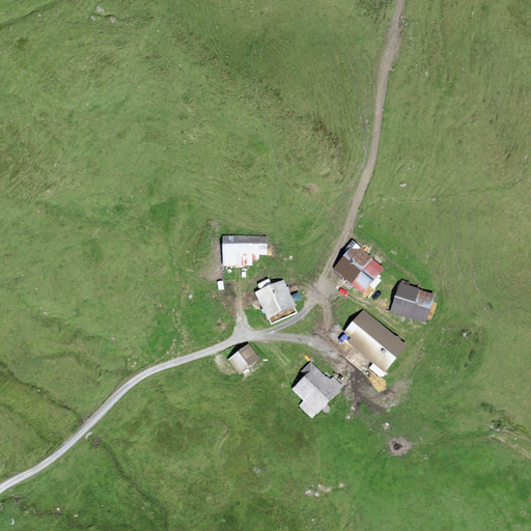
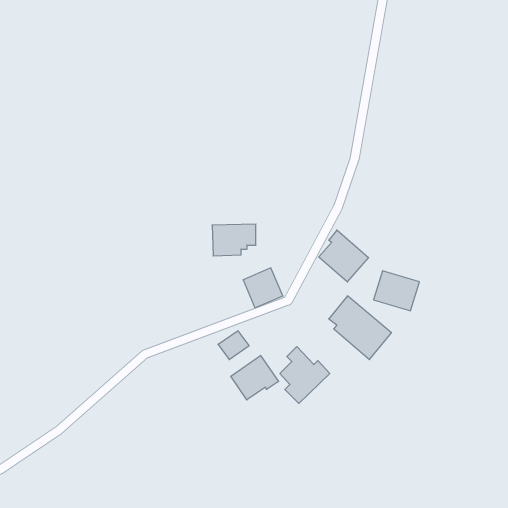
building: none -> [231,355,279,400]

